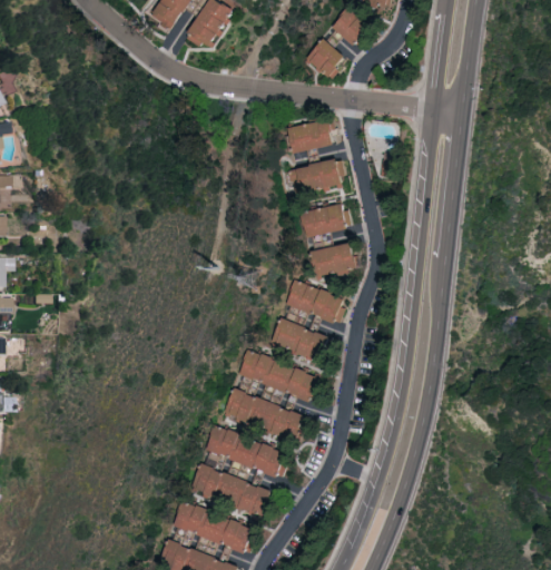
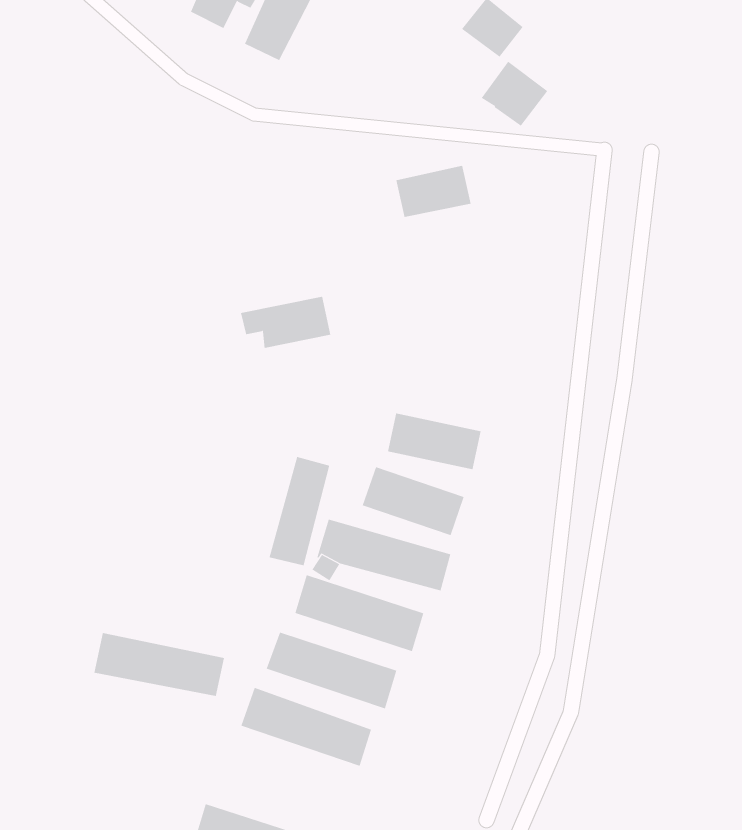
building: [303,37,347,80] -> [481,61,548,126]
building: [284,159,344,194] -> [240,296,331,348]
building: [297,203,347,237] -> none
building: [307,242,356,276] -> none
building: none -> [269,456,330,566]
building: [169,505,256,548] -> [94,633,225,697]

